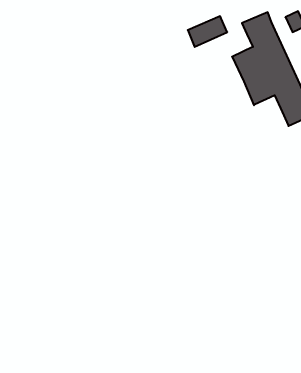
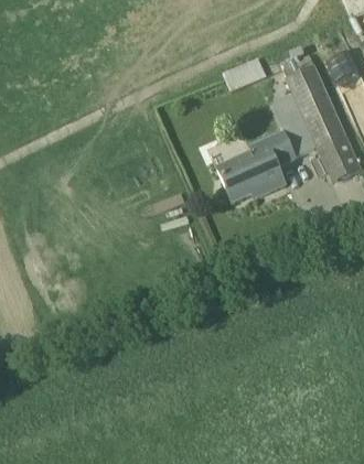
building: none -> [216,130,293,202]

